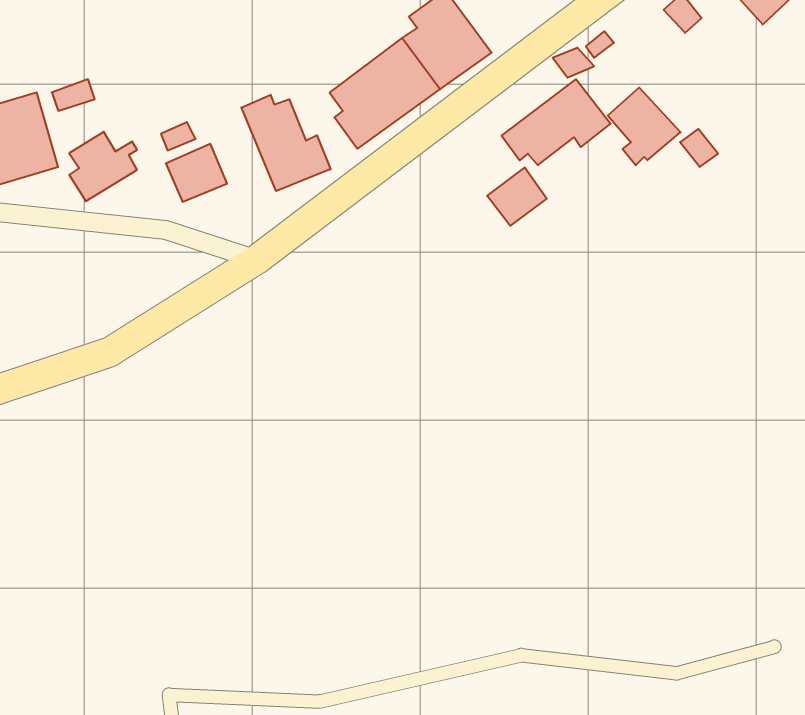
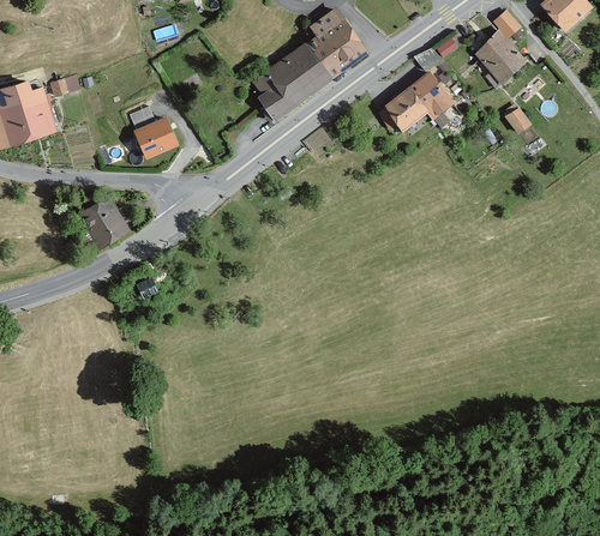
building: [608,88,681,165] -> [476,31,529,88]
building: [241,95,331,191] -> none
building: [69,132,137,201] -> [79,197,128,247]
building: [487,167,547,226] -> none

